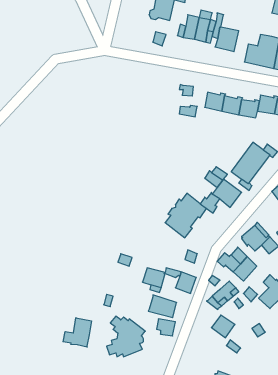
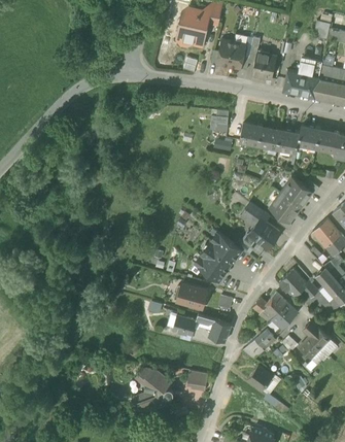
building: [148,295,177,318] -> [176,283,207,308]
building: [63,318,91,347] -> none

